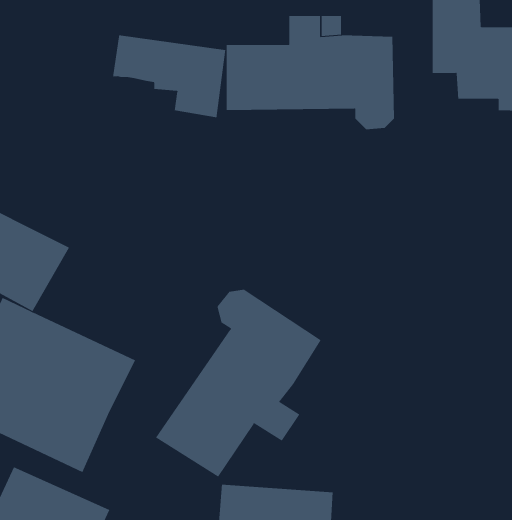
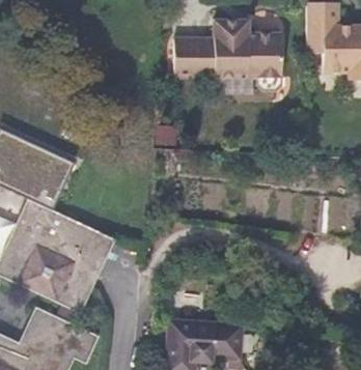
building: [112,35,226,118] -> none
building: [155,289,322,478] -> none

